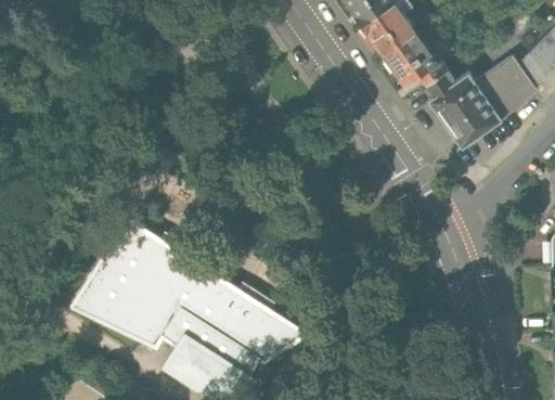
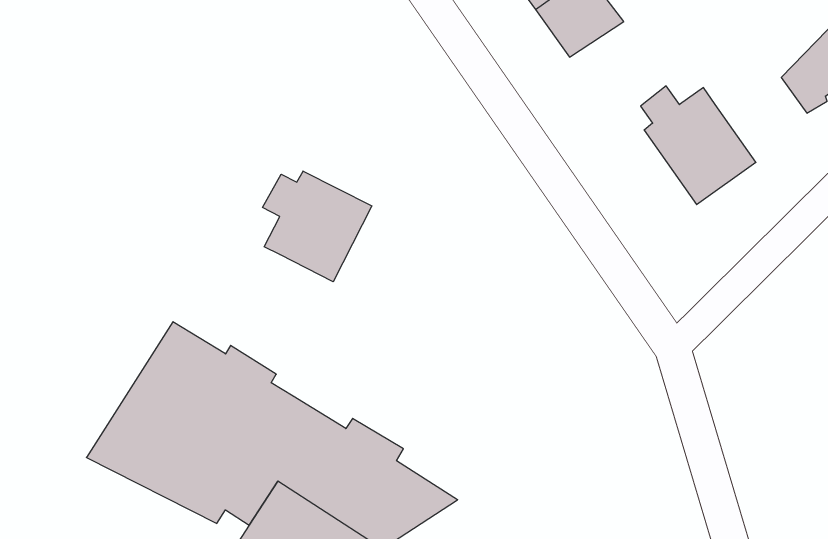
building: [380,29,447,87] -> none
building: [474,57,534,119] -> none
building: none -> [263,171,372,282]

